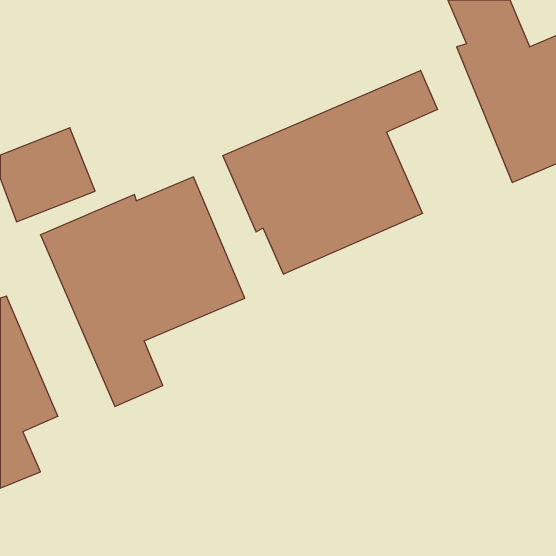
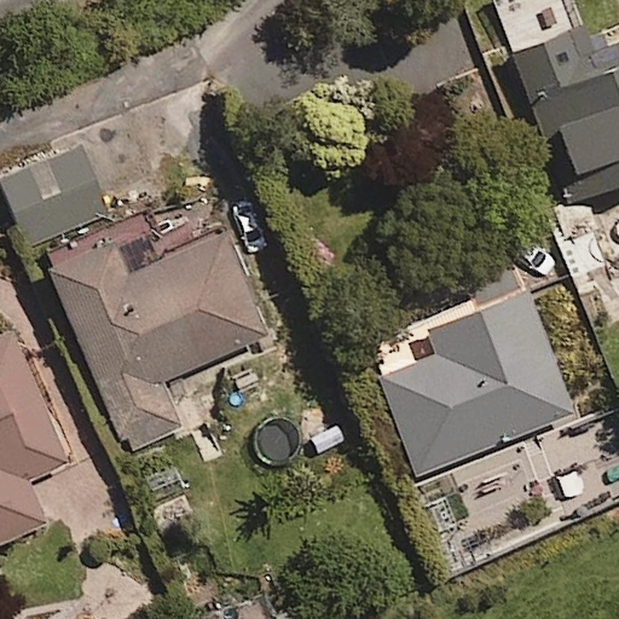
building: [223,70,437,274] -> none
building: none -> [371,291,567,479]

